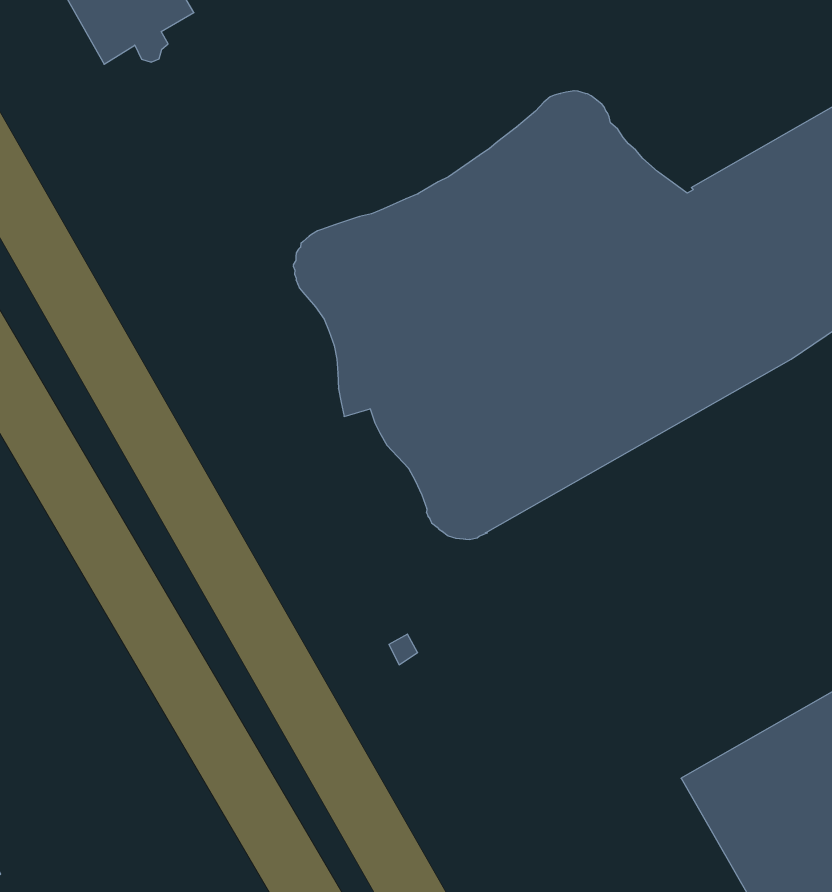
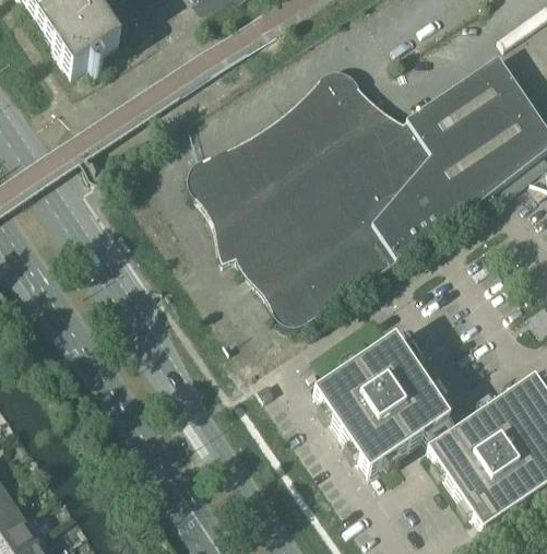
building: none -> [314,335,451,473]

